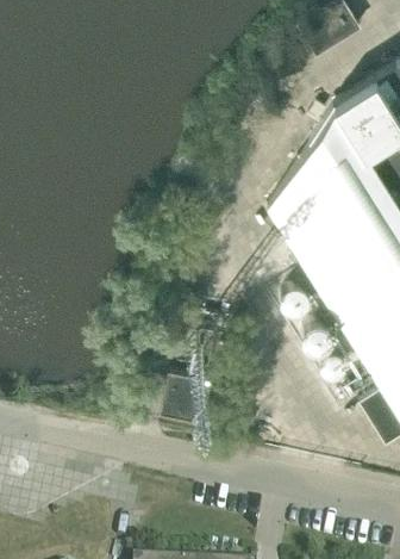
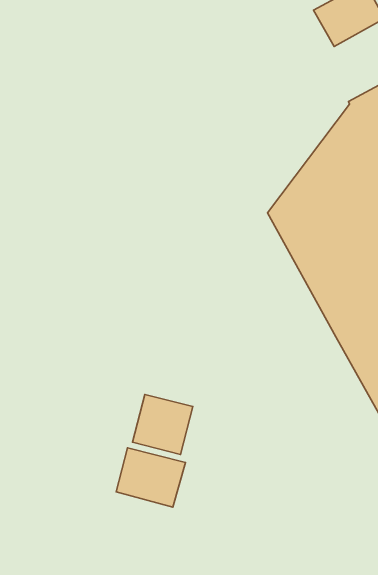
building: none -> [116,448,185,507]

